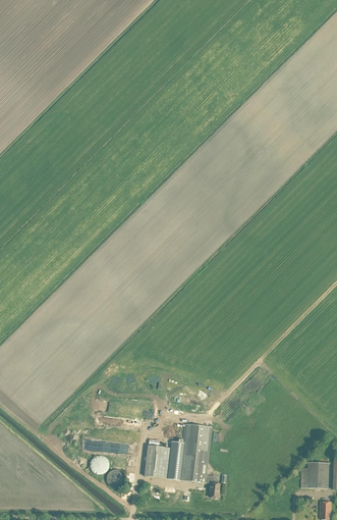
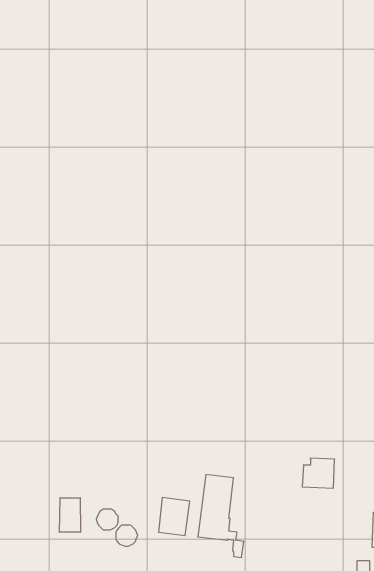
building: none -> [59,498,80,532]
building: [299,462,328,488] -> [302,458,335,488]

